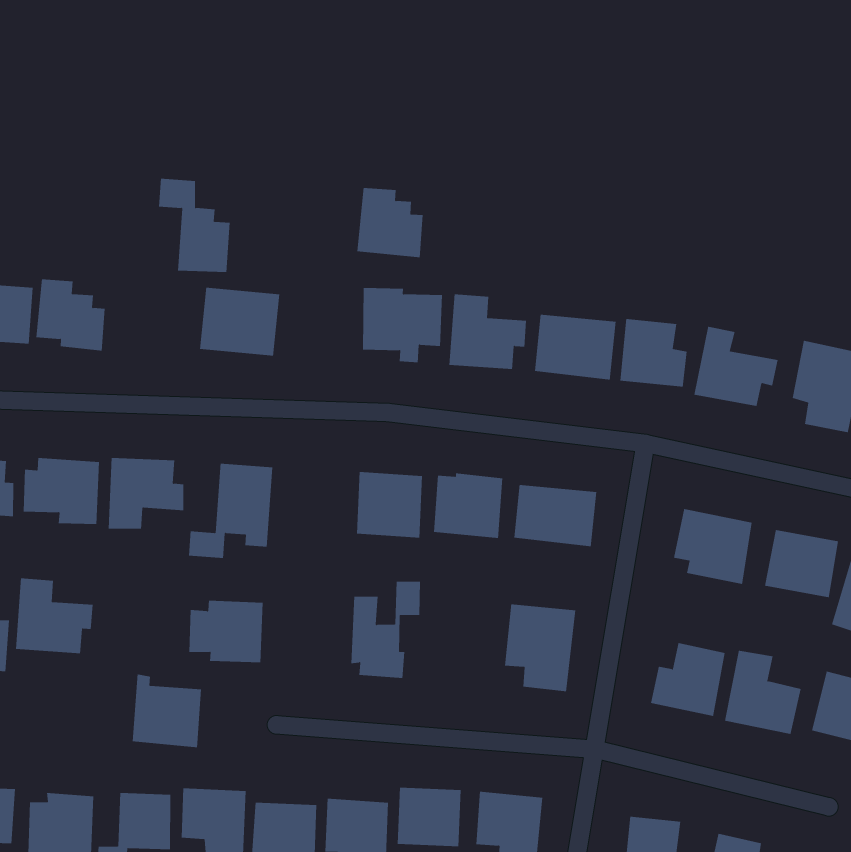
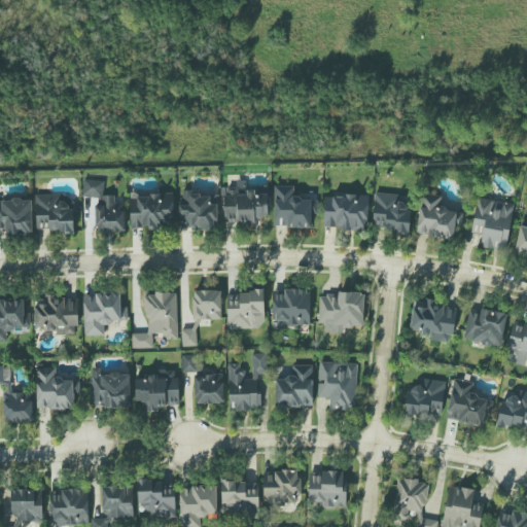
building: [158,178,231,272] -> [82,179,125,232]
building: [356,187,423,258] -> [179,189,216,227]
building: none -> [181,289,221,346]
building: none -> [275,364,312,407]
building: none -> [195,374,223,402]
building: [132,674,202,748] -> [92,366,130,407]

